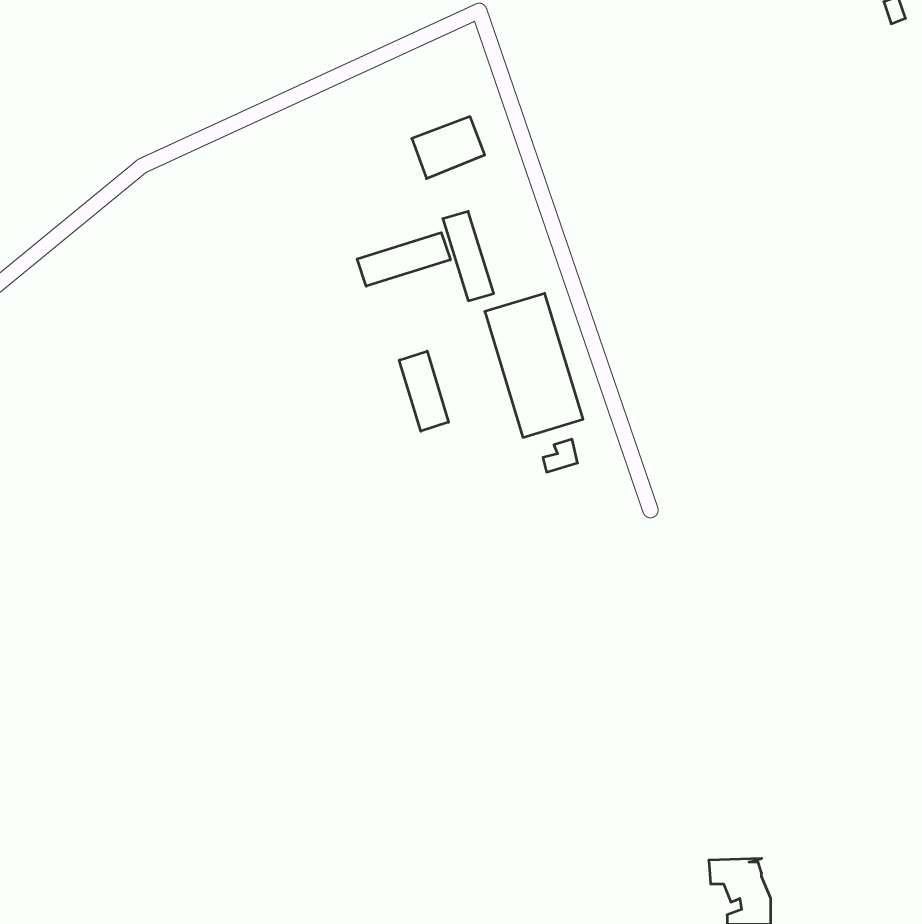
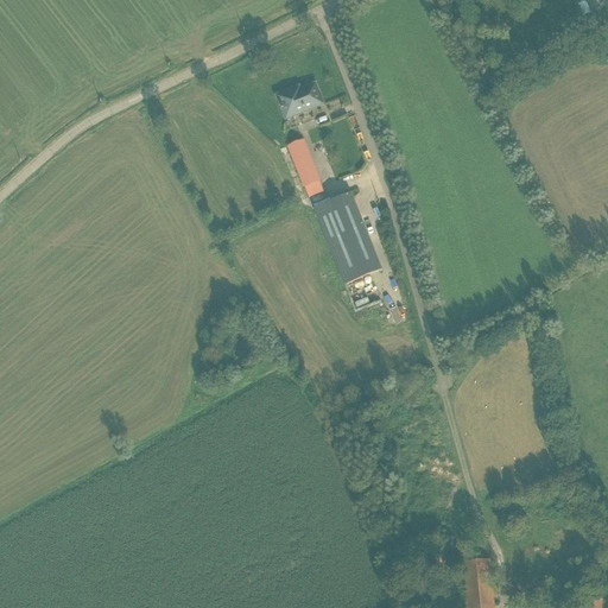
building: [357,233,450,286] -> none
building: [399,351,449,431] -> none

